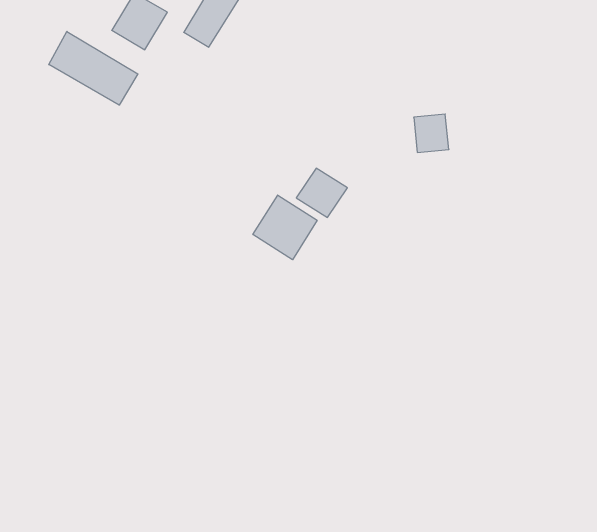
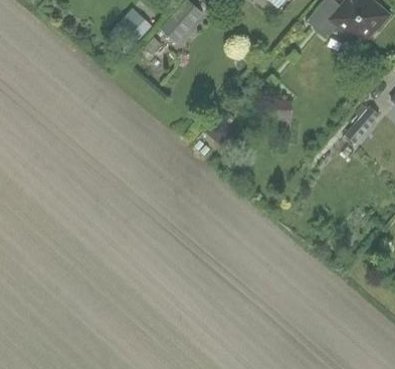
building: [49,31,138,105] -> none
building: [253,195,317,260] -> none

